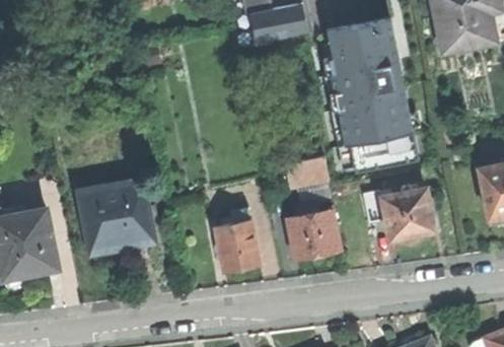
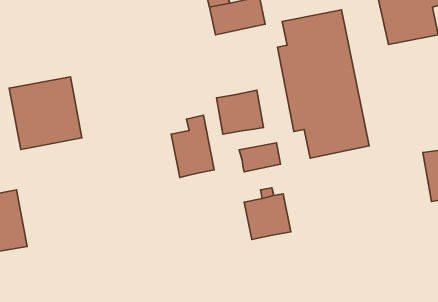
building: none -> [216,90,264,134]
building: [77,180,154,257] -> [9,77,82,149]
building: [361,187,433,240] -> none
building: [214,207,260,273] -> [171,115,214,177]

